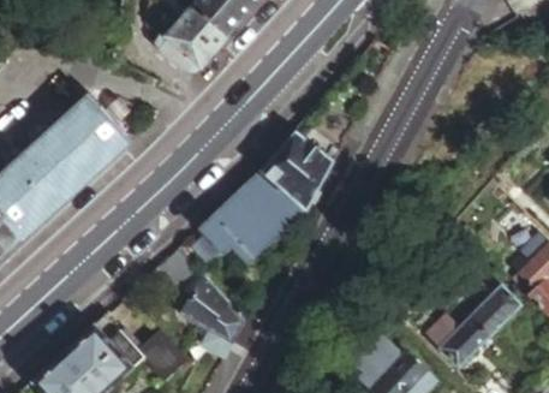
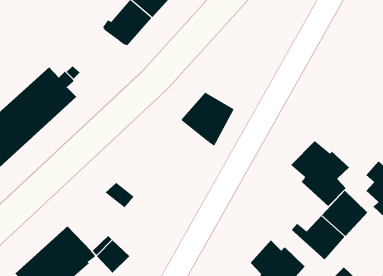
building: [201,177,299,260] -> none
building: none -> [290,140,350,207]
building: [181,285,247,355] -> none

